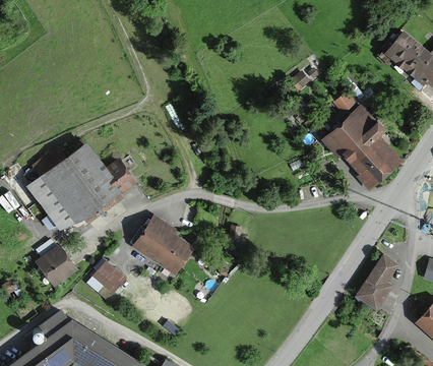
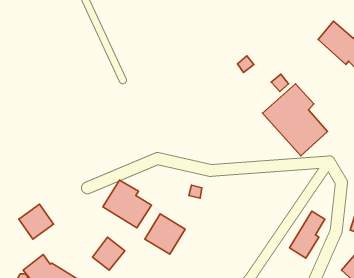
building: [35,135,129,226] -> none
building: none -> [145,214,185,254]
building: [87,263,125,302] -> [93,237,125,270]

